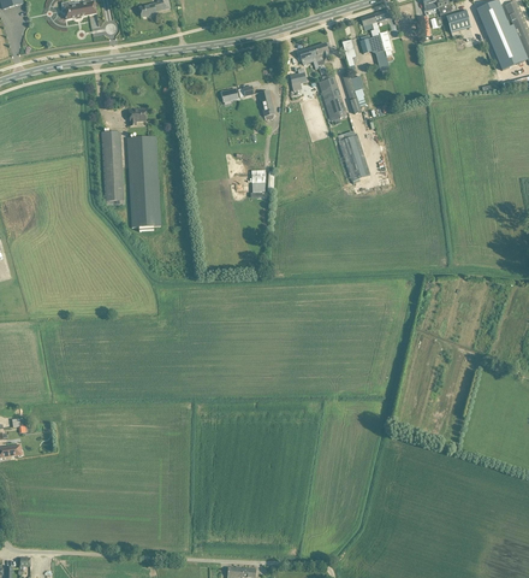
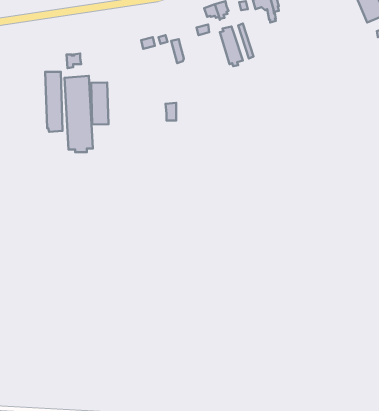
building: [338,130,370,179] -> none
building: none -> [91,82,109,125]

